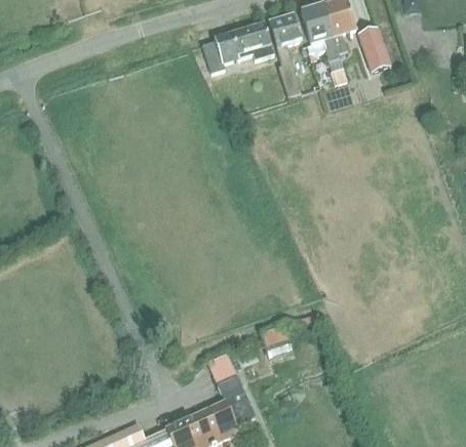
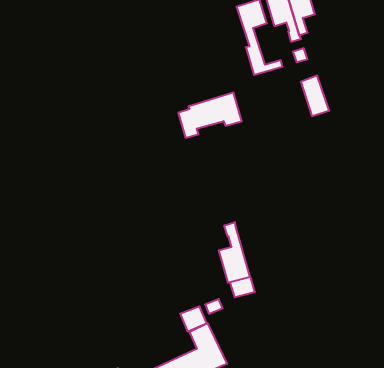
building: [202,21,273,71] -> [178,93,242,138]
building: [358,25,390,70] -> [301,76,329,116]
building: none -> [219,222,250,283]

